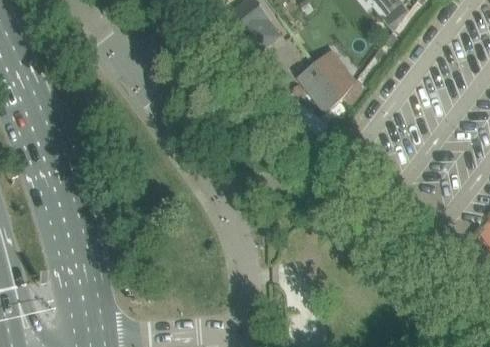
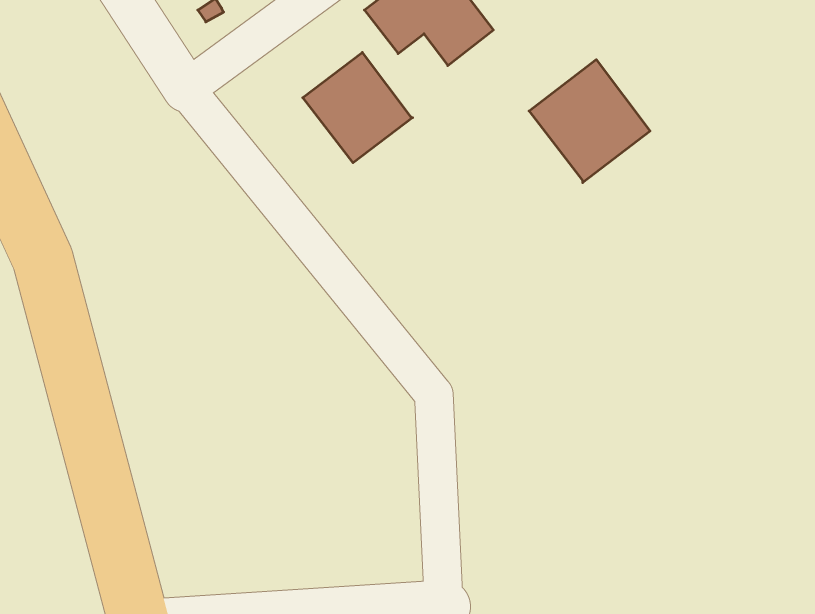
building: none -> [303,52,413,163]

